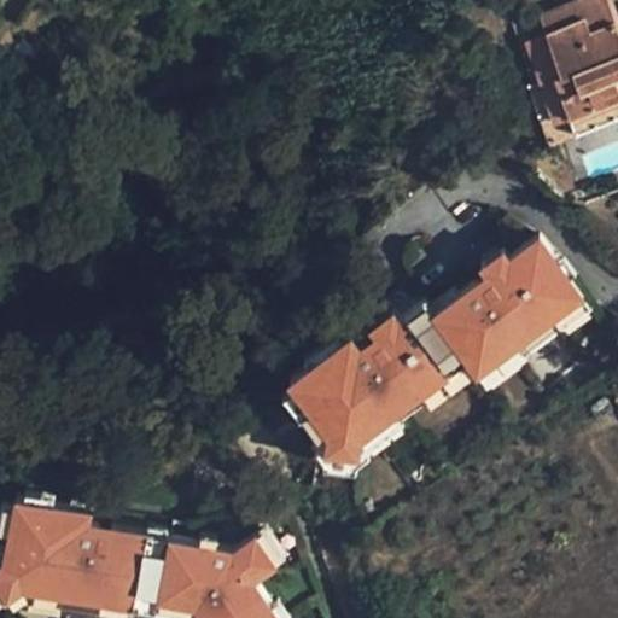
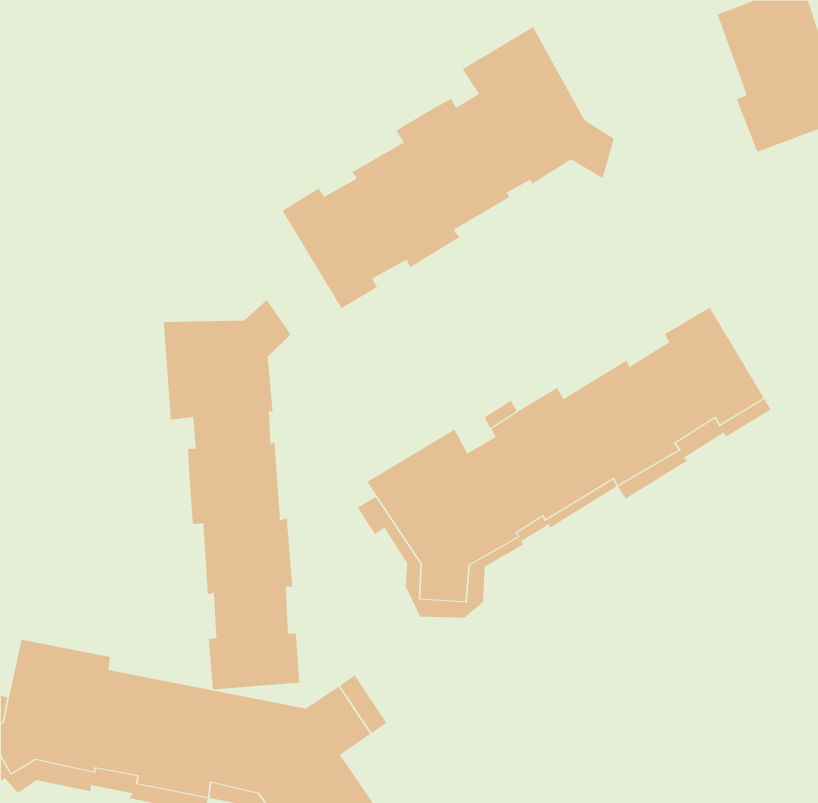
building: none -> [282,26,615,309]
building: none -> [163,299,300,690]

